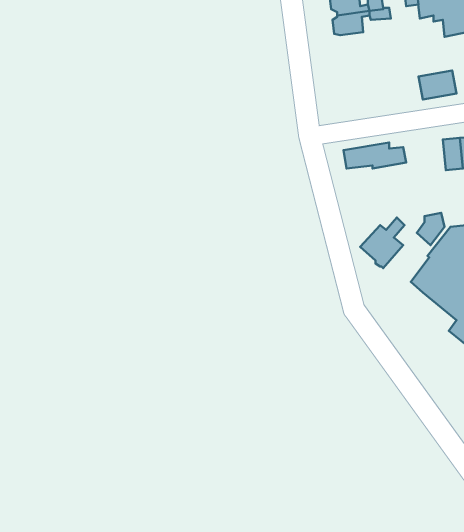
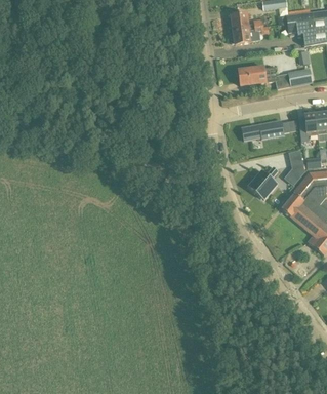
building: none -> [239,66,278,86]

